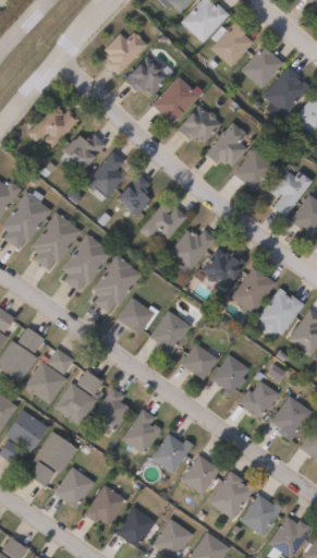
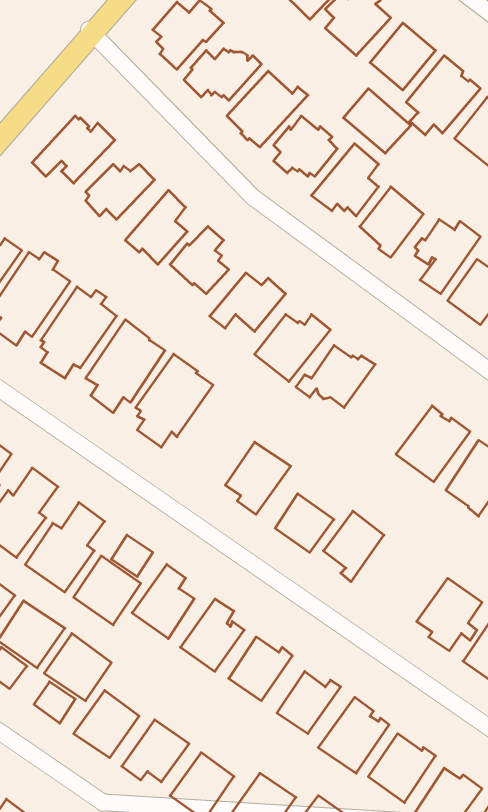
building: none -> [343,89,411,153]
building: [231,266,276,313] -> none
building: [117,296,159,335] -> none
building: [239,380,280,418] -> none

